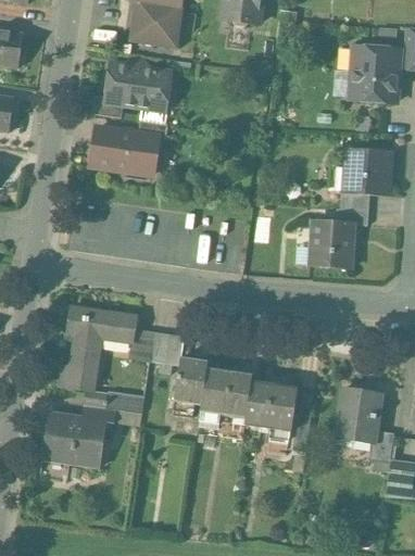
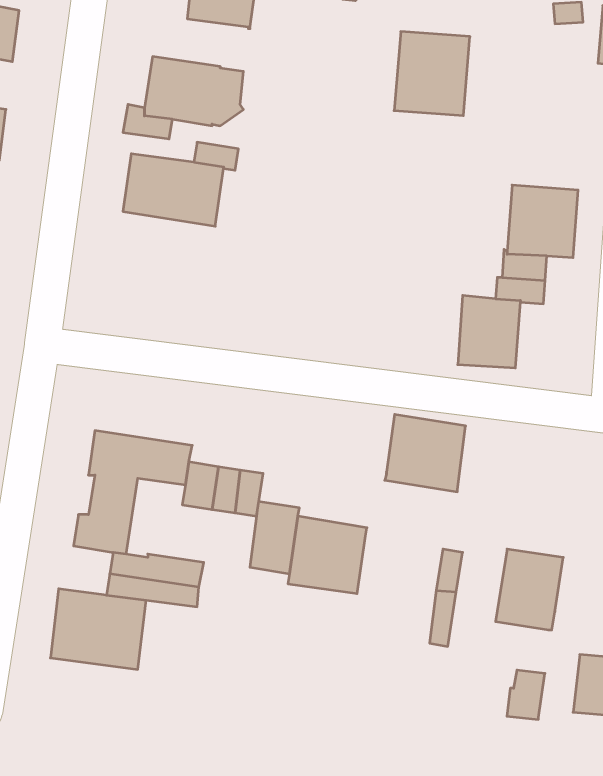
building: [350,46,400,101] -> [394,32,470,116]
building: [244,378,298,429] -> [385,414,466,492]
building: [369,428,394,460] -> [507,670,545,719]

